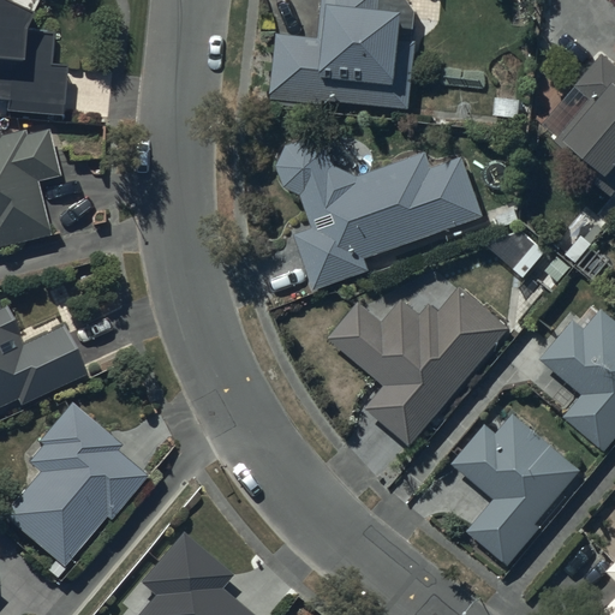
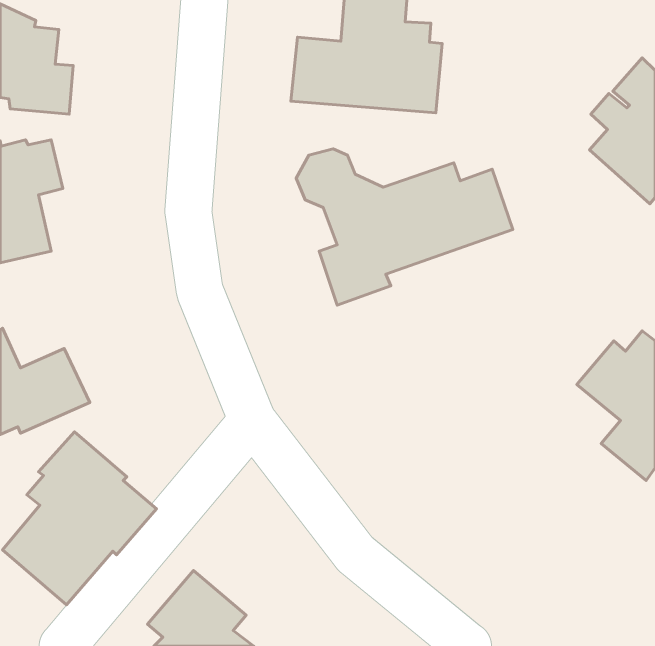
building: [328,287,512,447] -> none
building: [449,413,581,566] -> none

